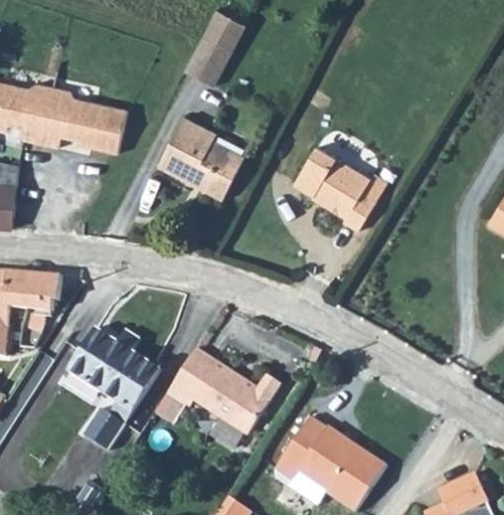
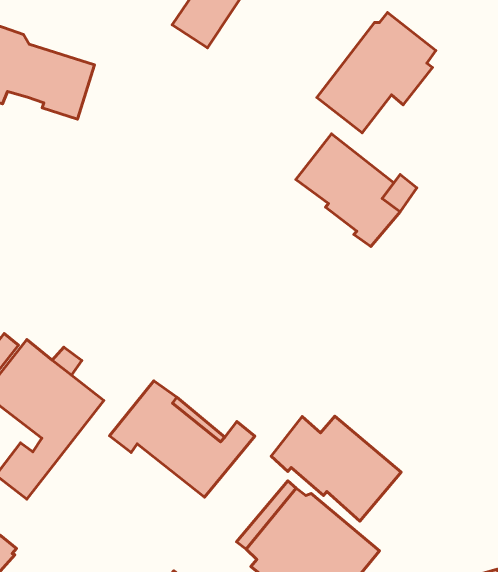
building: none -> [317,13,436,133]
building: [155,118,244,201] -> none
building: none -> [271,416,401,521]

